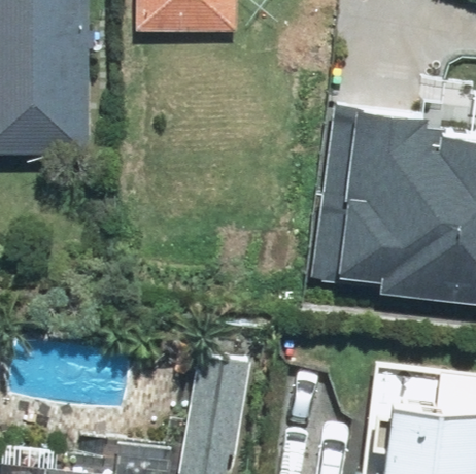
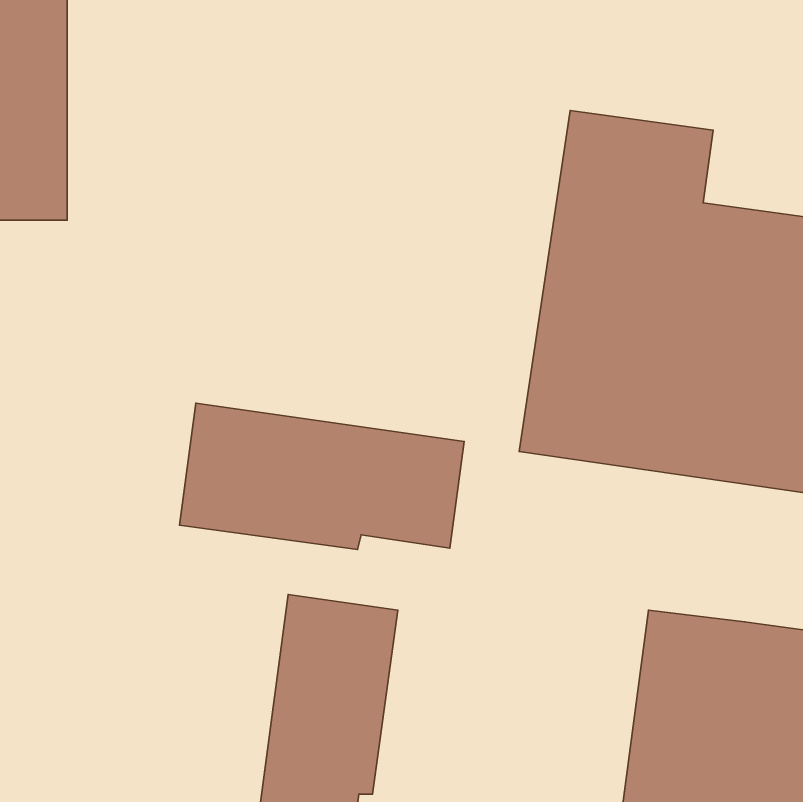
building: none -> [180,403,464,550]

